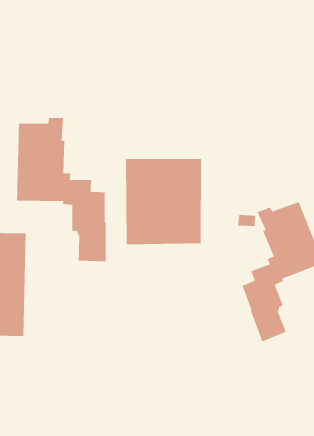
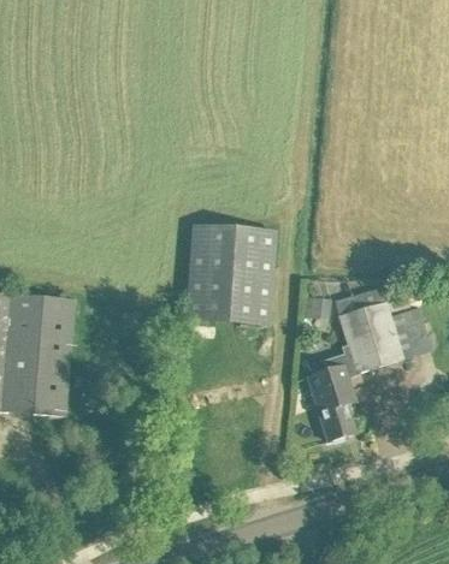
building: [16,117,107,262] -> none

